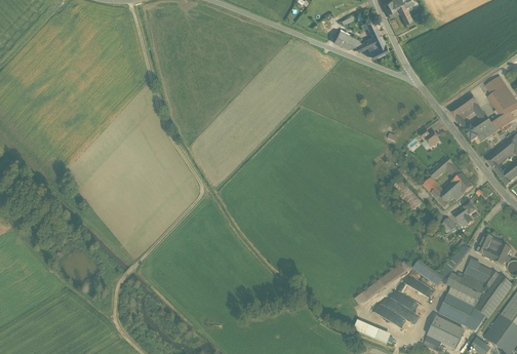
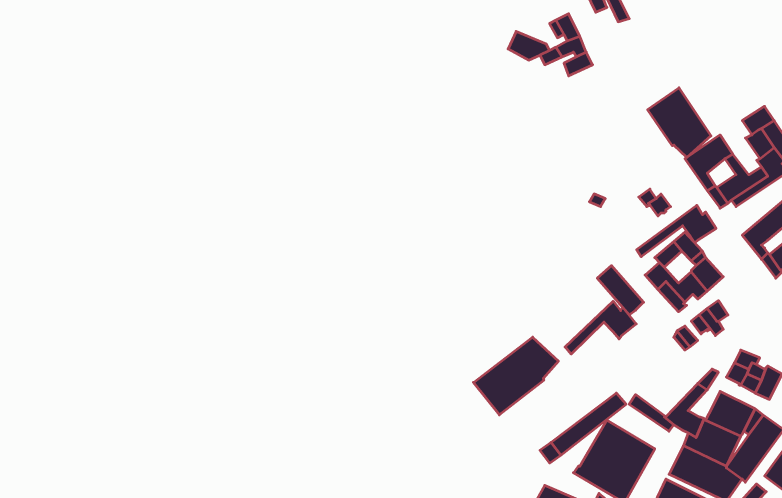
building: none -> [648,88,711,157]
building: none -> [637,205,716,257]
building: none -> [565,301,636,354]
building: none -> [473,337,558,415]

